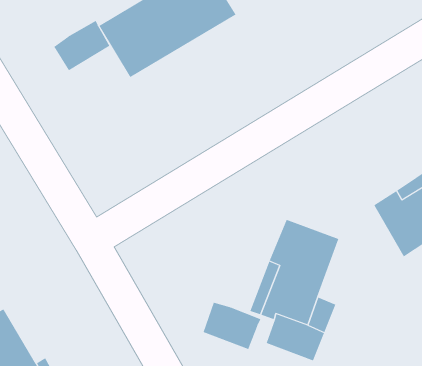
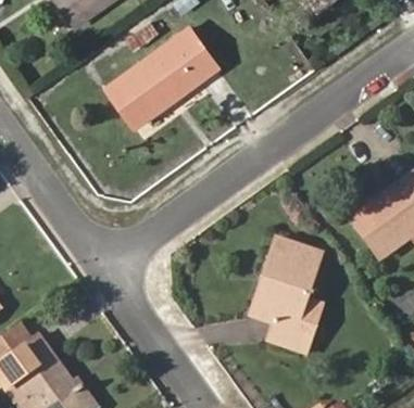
building: [53,20,110,71] -> none
building: [203,302,261,350] -> none

